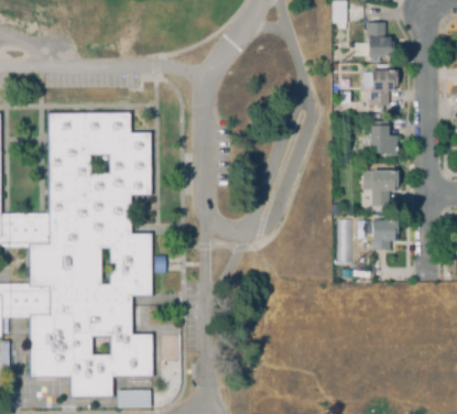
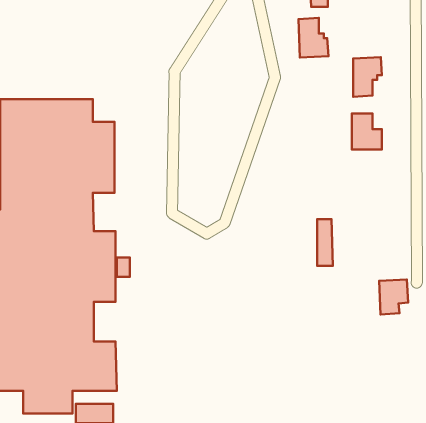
building: [367,24,394,61] -> [298,18,328,57]
building: [371,173,398,208] -> none
building: [372,221,399,253] -> [379,280,408,314]

